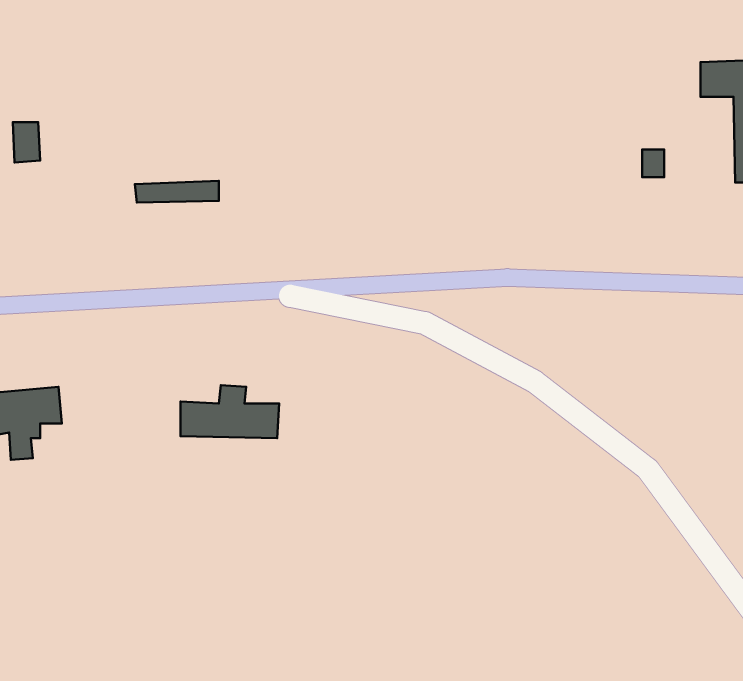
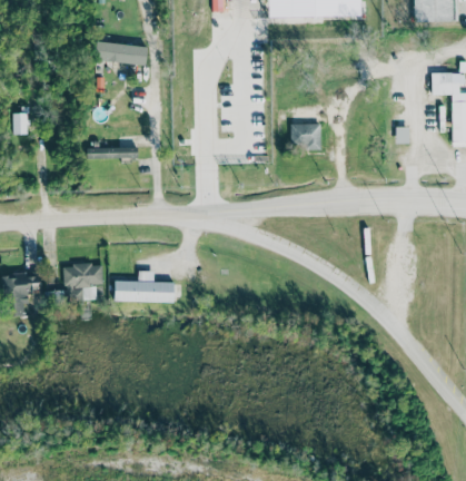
building: none -> [96,42,148,65]
building: none -> [291,124,321,149]
building: none -> [66,264,103,301]

